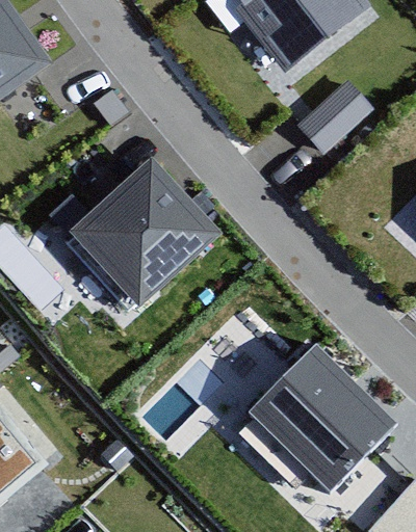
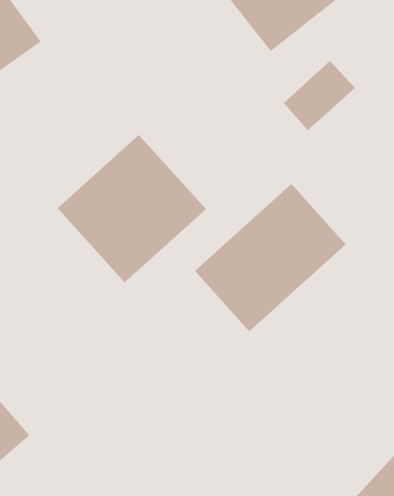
building: none -> [194,183,347,332]
building: [248,344,395,490] -> none

